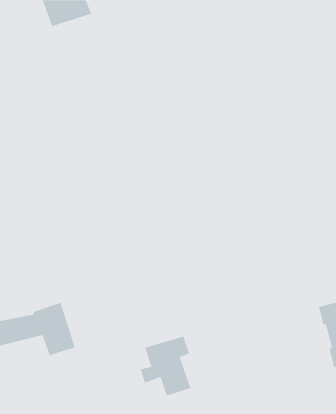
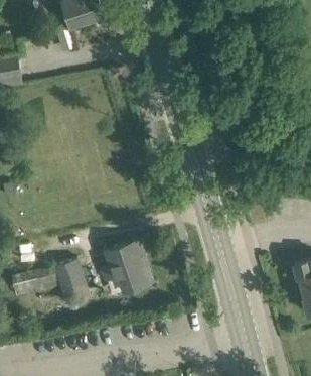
building: [140,336,191,396] -> [102,241,145,291]

